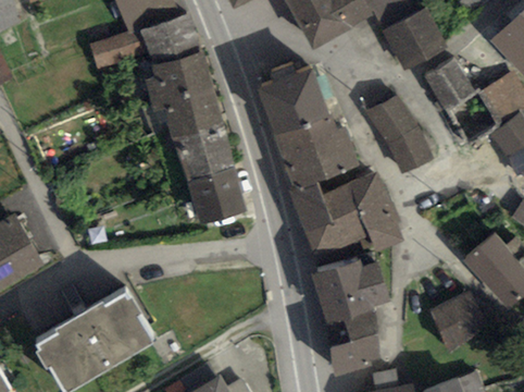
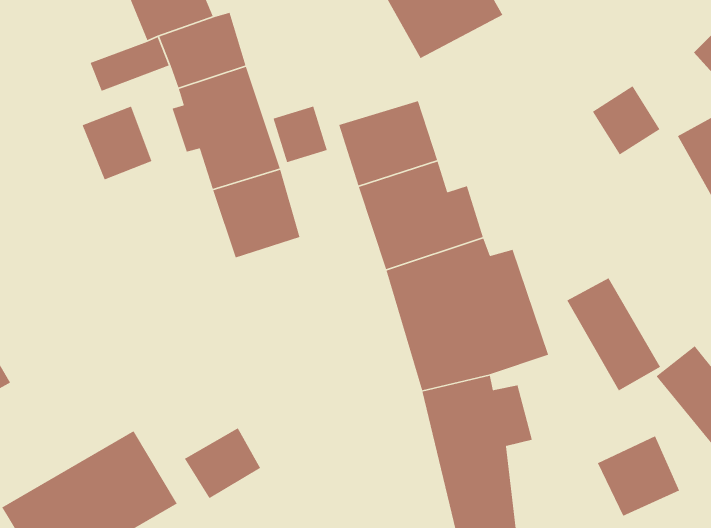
building: [387,10,441,65] -> none
building: none -> [272,106,328,163]
building: none -> [81,106,152,181]
building: [367,96,431,172] -> [566,277,661,392]
building: [189,161,246,217] -> none
building: none -> [184,427,261,499]

